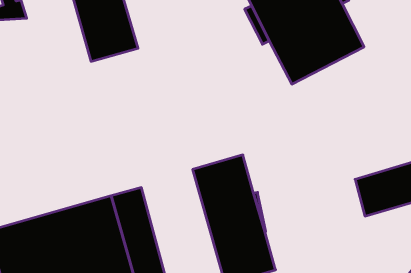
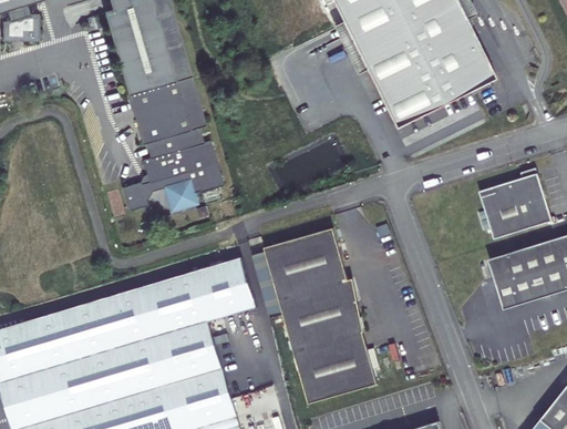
building: none -> [121,81,223,211]
building: none -> [474,176,547,242]
building: none -> [195,256,256,319]

